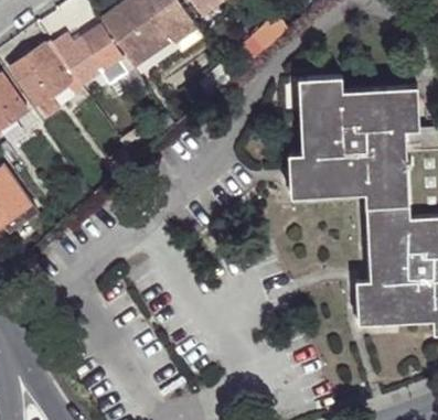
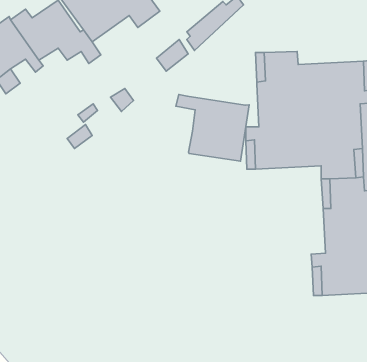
building: none -> [176,94,249,161]

